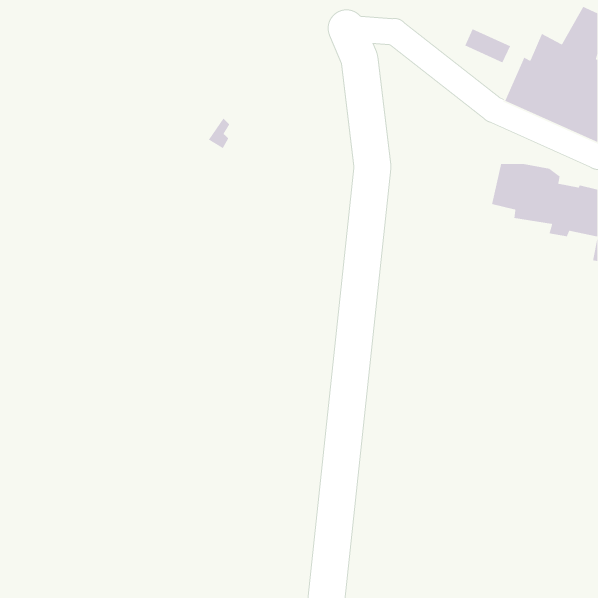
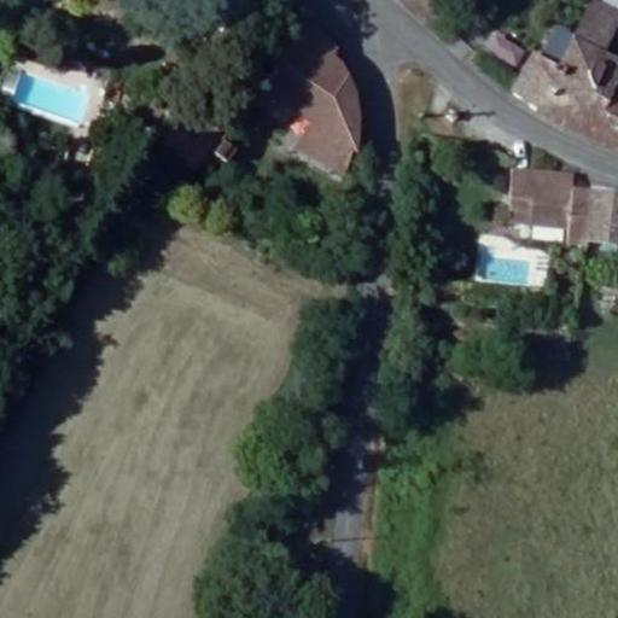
building: none -> [266,24,363,175]

